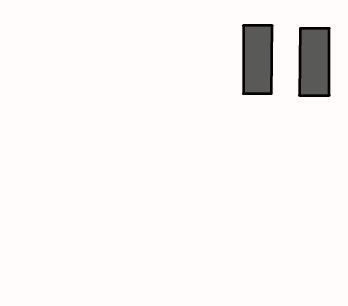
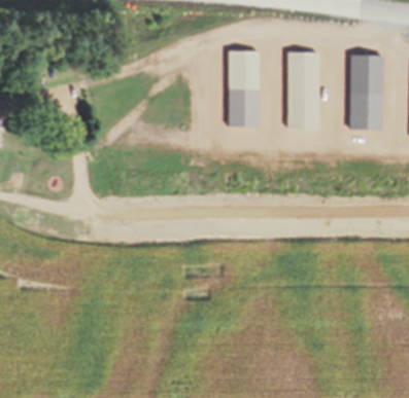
building: none -> [228,49,260,125]

